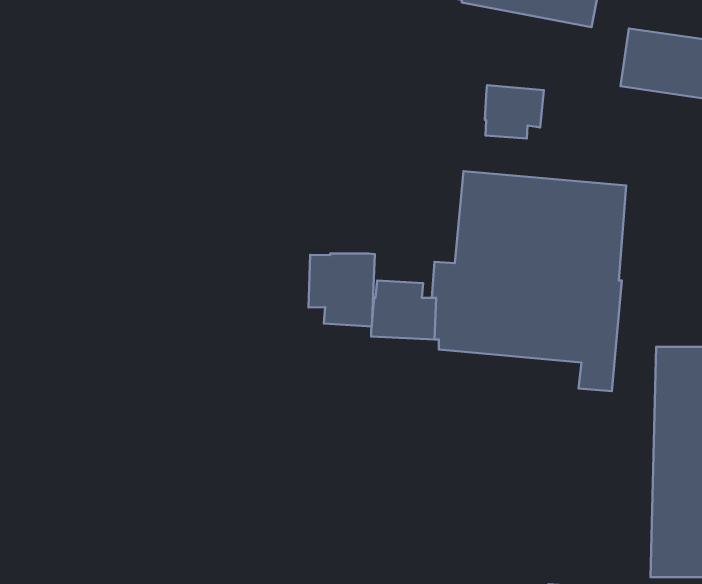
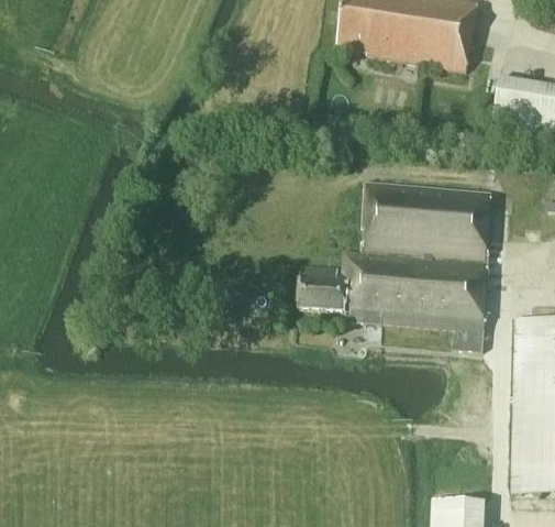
building: [485,85,544,139] -> none
building: [309,253,375,326] -> none

